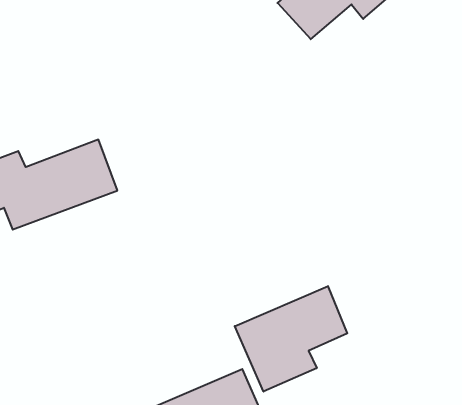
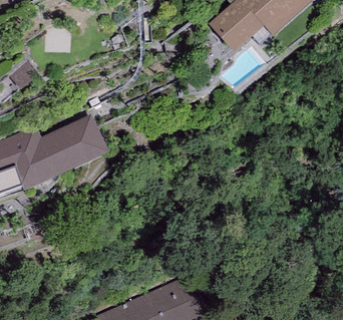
building: [235,286,347,392] -> none

